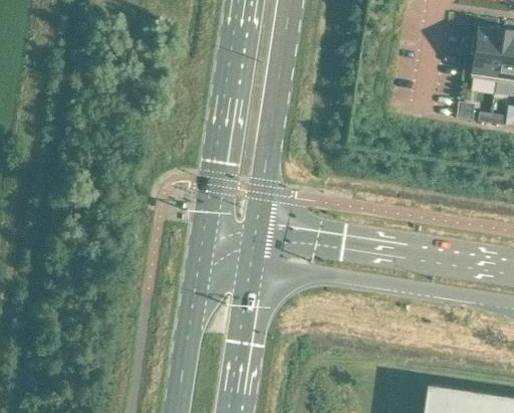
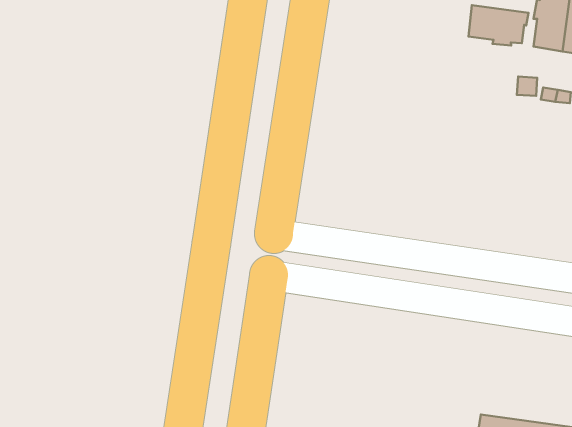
building: none -> [468,5,528,45]

